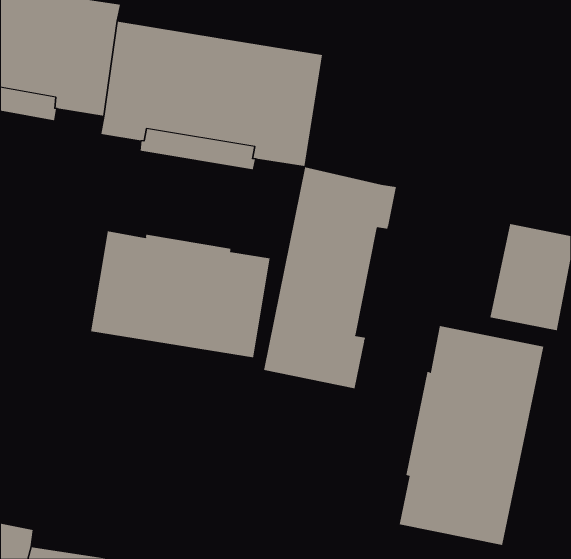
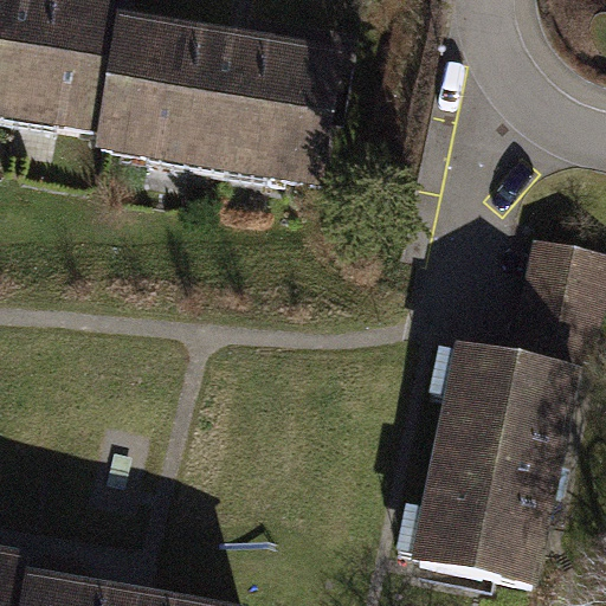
building: [264,167,396,389] -> none
building: [90,230,270,358] -> none

